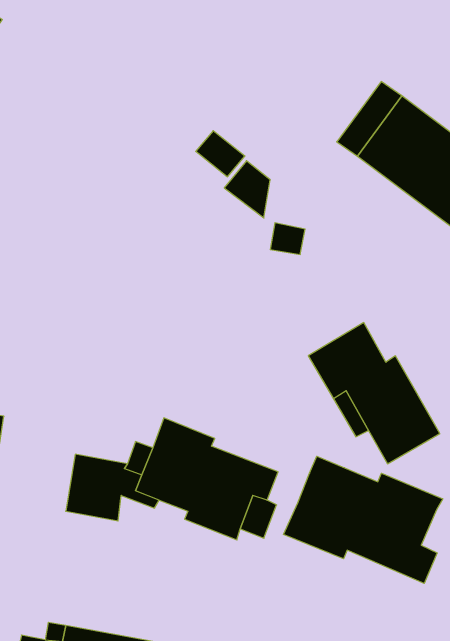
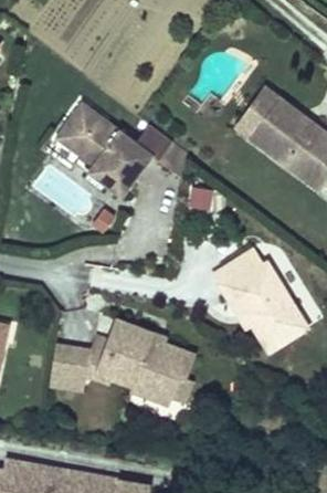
building: none -> [57,102,154,198]
building: [284,456,443,583] -> none

